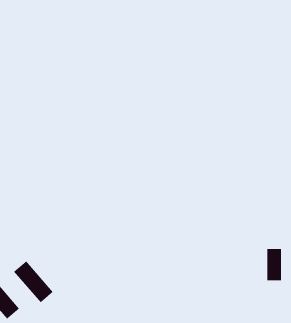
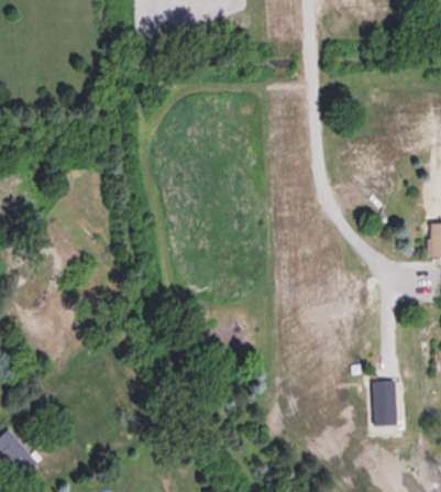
building: [13,261,54,303] -> none

